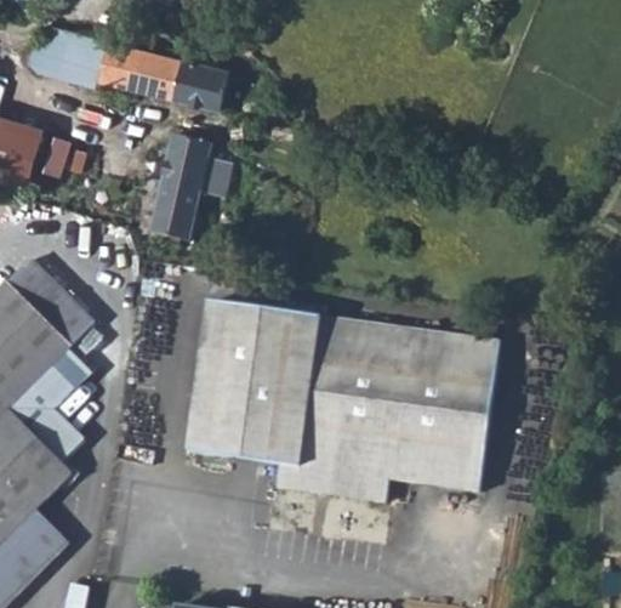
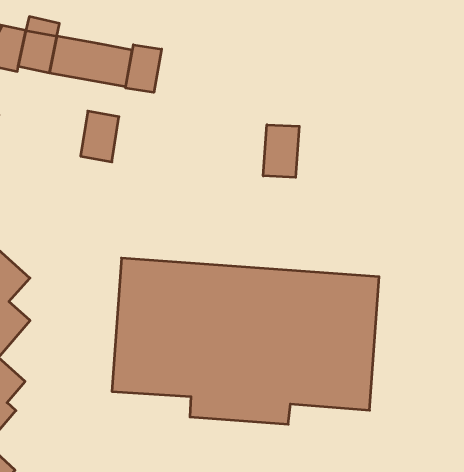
building: none -> [126,45,162,92]
building: none -> [263,125,299,177]
building: [154,184,200,239] -> none

